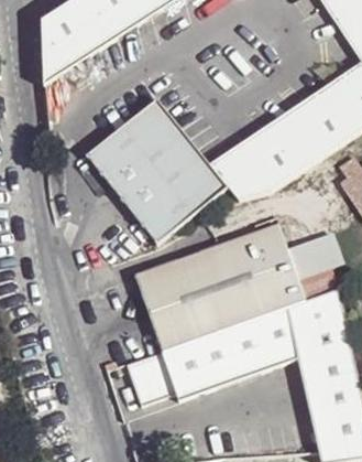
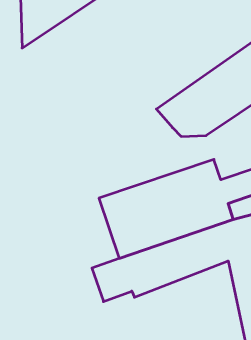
building: [85,99,228,241] -> none

